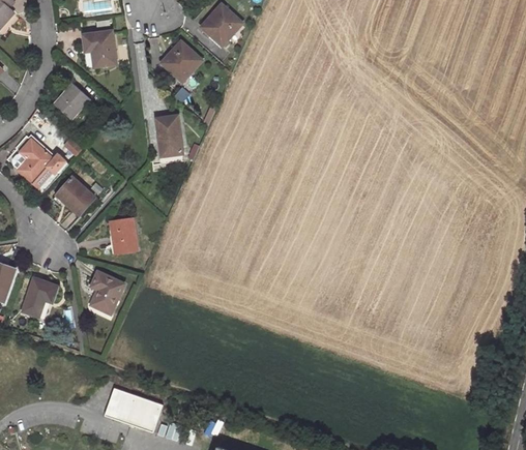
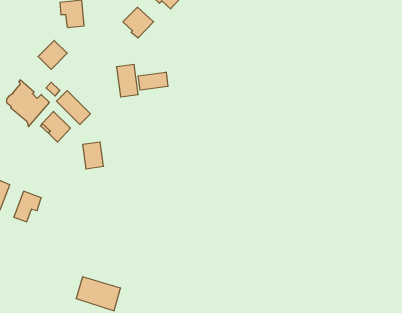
building: none -> [138,72,168,90]
building: none -> [56,91,90,124]
building: [90,270,123,310] -> none

